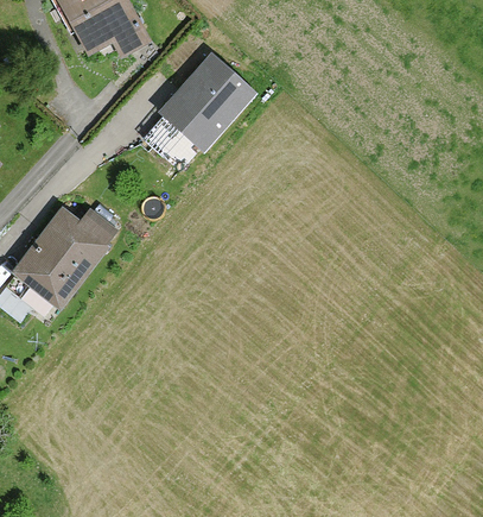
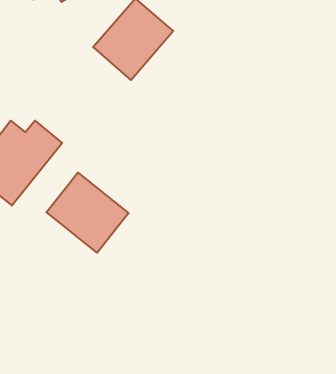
building: none -> [46,173,129,253]

